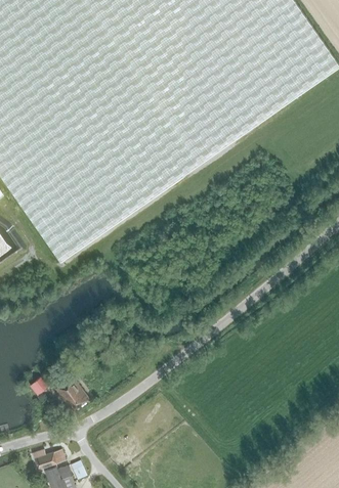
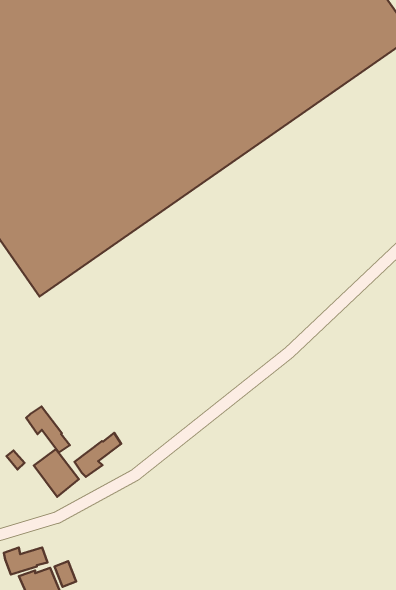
building: none -> [26,406,70,452]
building: none -> [75,433,121,477]

